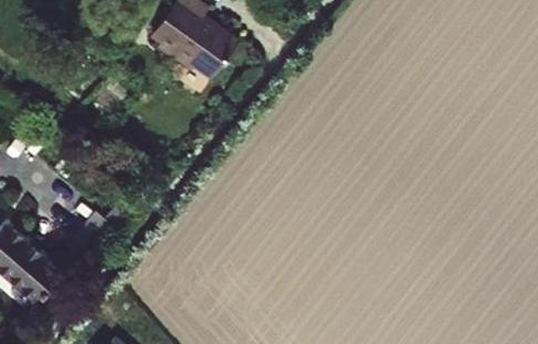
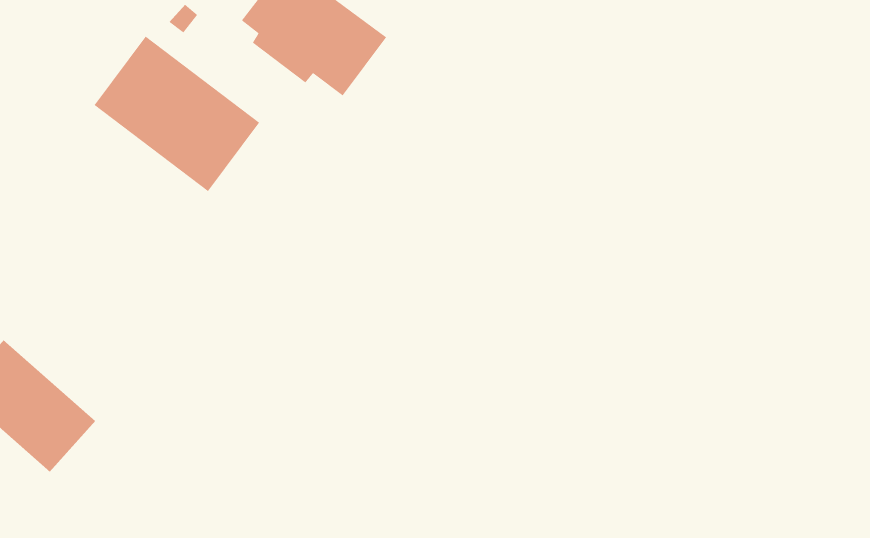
building: none -> [93,35,260,192]

